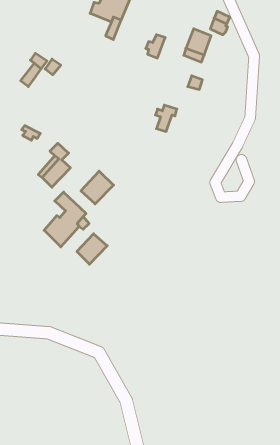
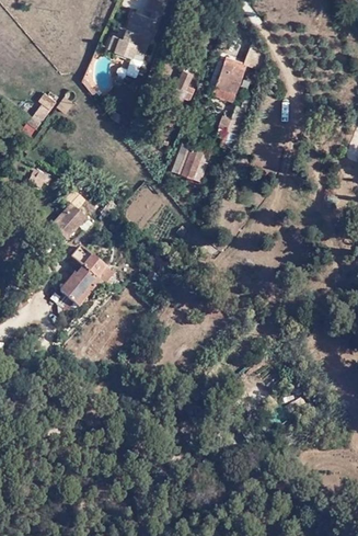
building: [81,171,114,204] -> none
building: [77,234,107,264] -> none

